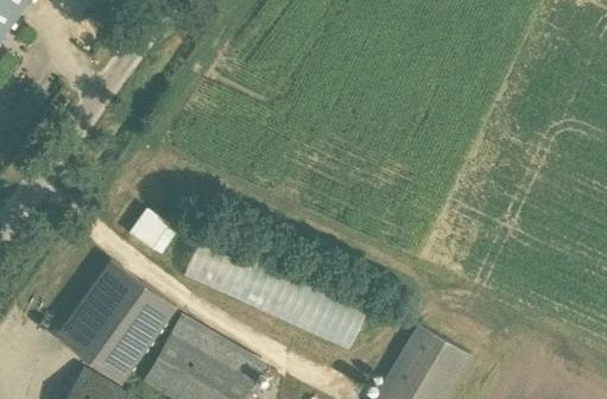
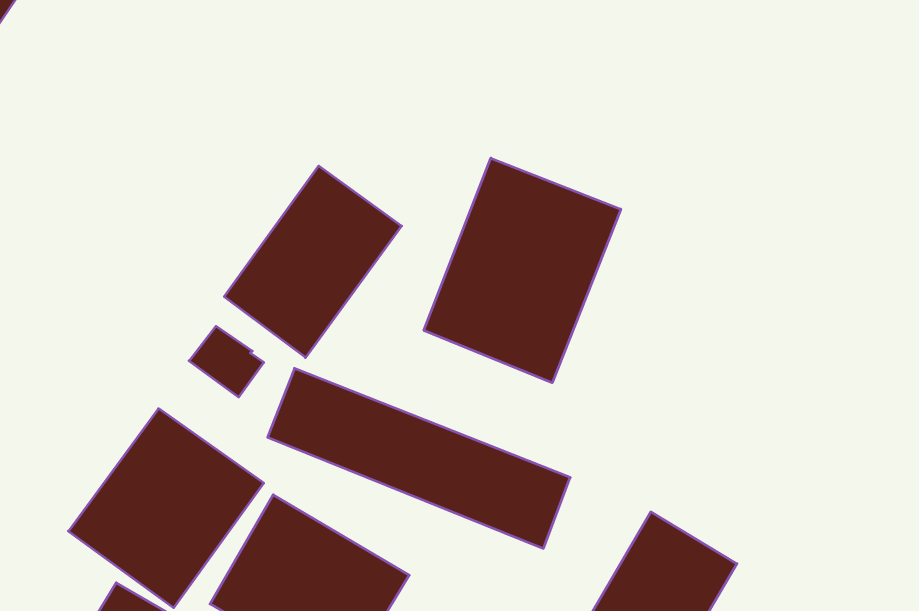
building: none -> [424,158,621,383]
building: none -> [224,166,402,358]

